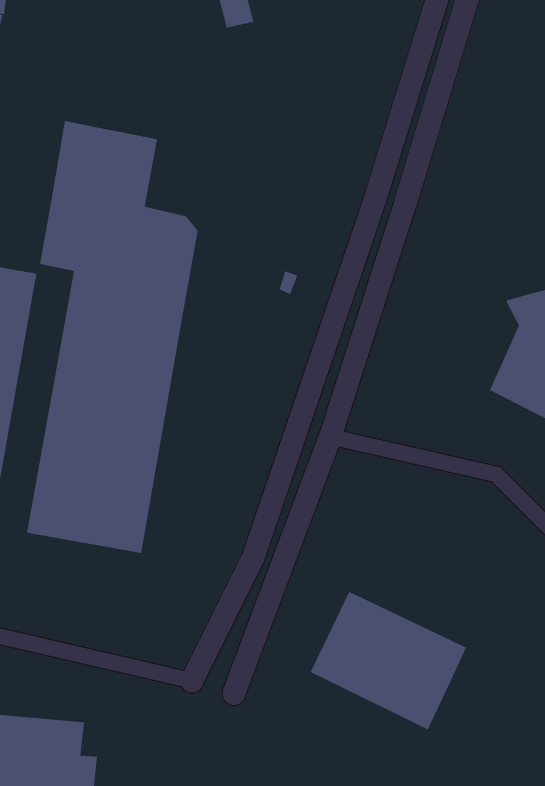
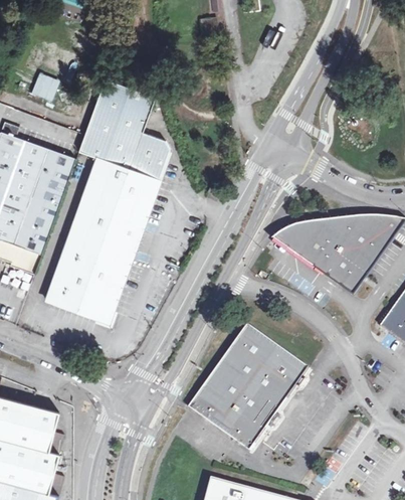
building: none -> [272,217,337,266]
building: none -> [218,323,309,406]

